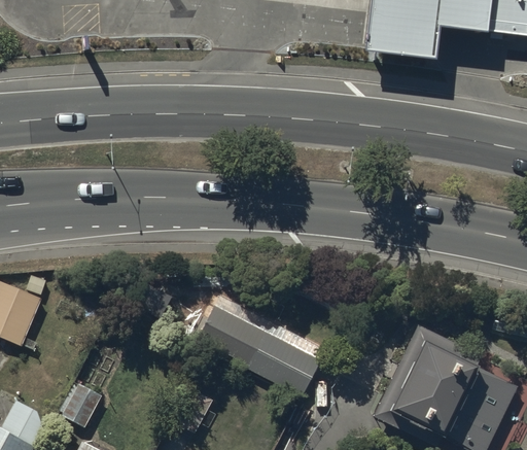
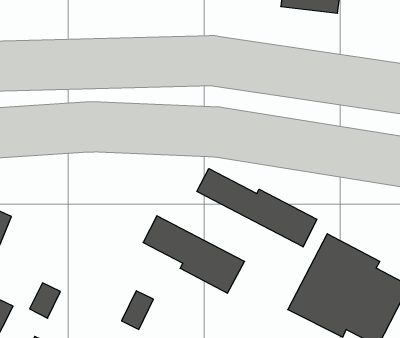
building: none -> [197,169,317,247]

